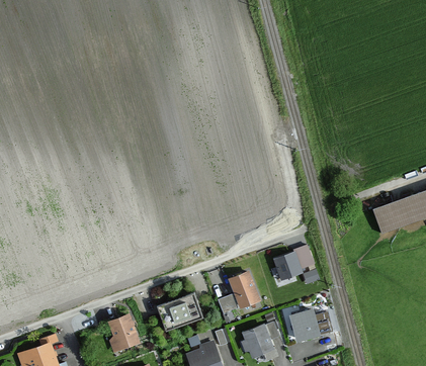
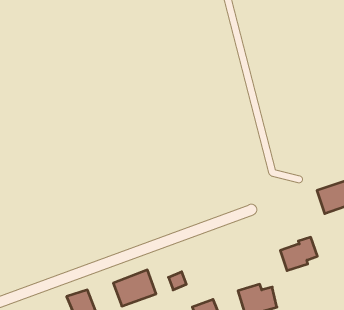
building: [272,245,312,280] -> [280,237,317,271]
building: [227,271,259,308] -> none

